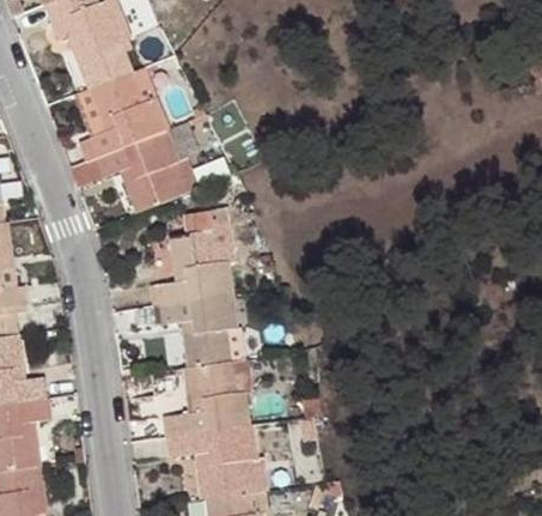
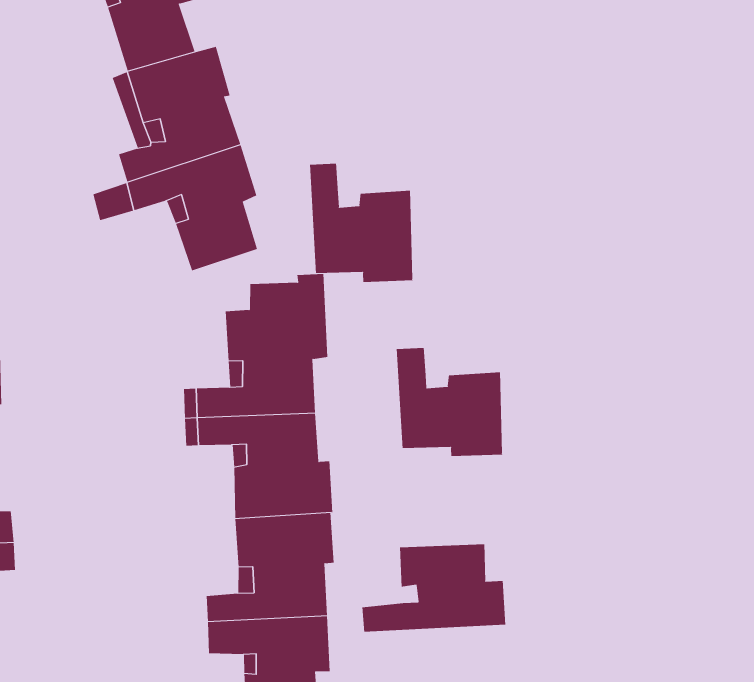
building: none -> [309,163,413,283]
building: none -> [396,347,503,457]
building: none -> [362,543,506,632]

